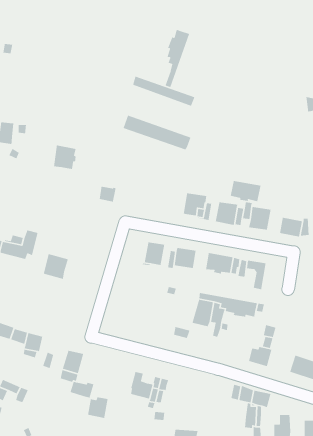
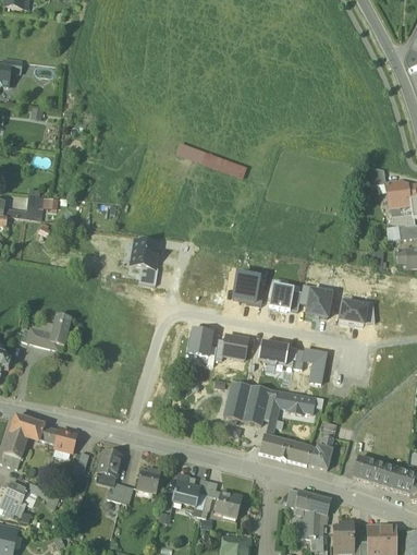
building: [165,29,190,88] -> none
building: [123,114,192,151] -> none
building: [53,145,77,170] -> [132,240,158,268]
building: [230,180,261,202] -> none
building: [43,253,69,280] -> none
building: none -> [223,382,250,420]
building: none -> [258,434,309,464]
building: none -> [214,491,242,520]
building: [87,397,109,419] -> [136,468,160,493]

